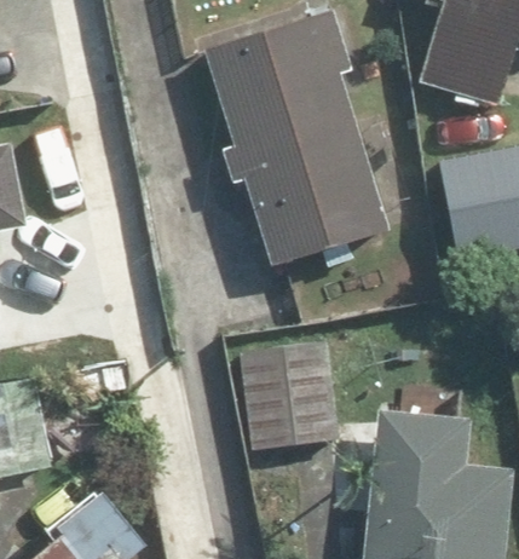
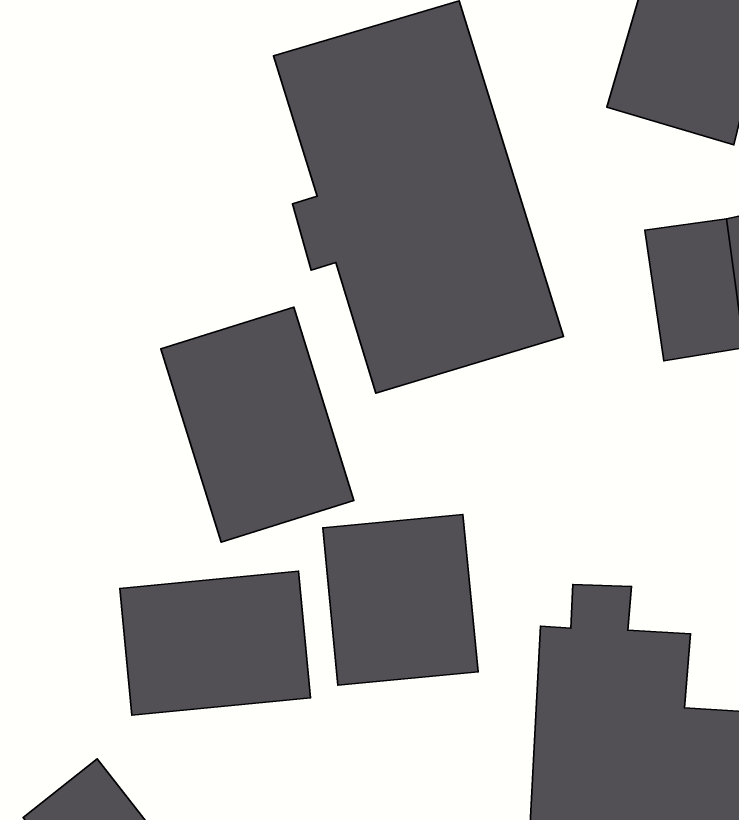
building: none -> [161,307,354,542]
building: none -> [120,571,311,715]

